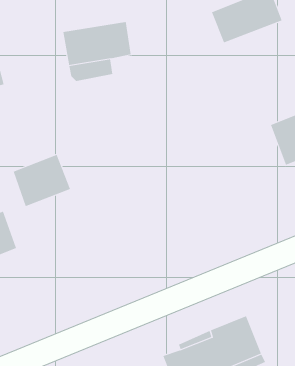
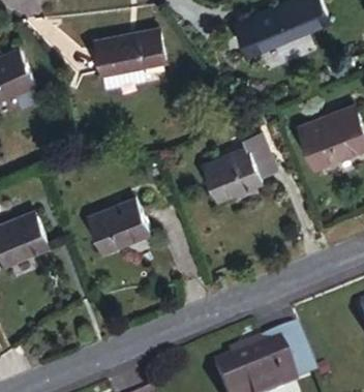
building: none -> [207,141,280,209]
building: [13,154,71,207] -> [92,202,150,254]

